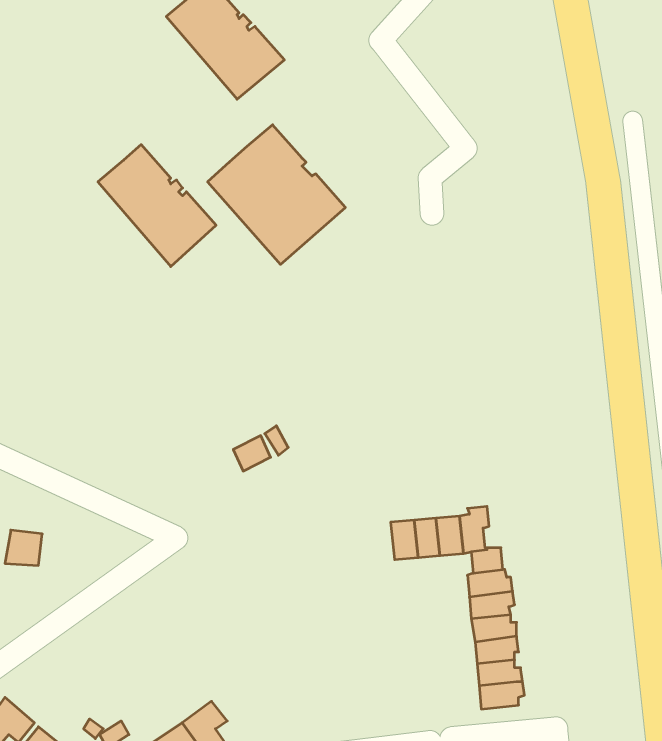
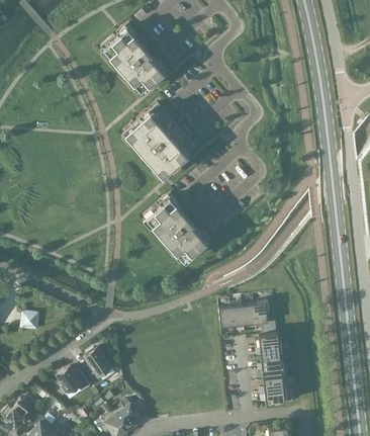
building: [98,145,216,267] -> [147,197,207,260]
building: none -> [85,348,111,385]
building: none -> [58,367,91,395]

